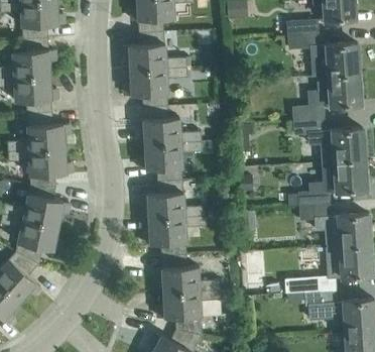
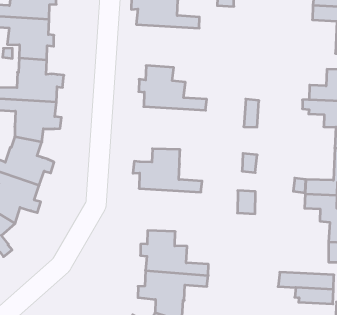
building: [125,68,188,107] -> none
building: [140,141,203,182] -> none
building: [144,216,207,256] -> none

